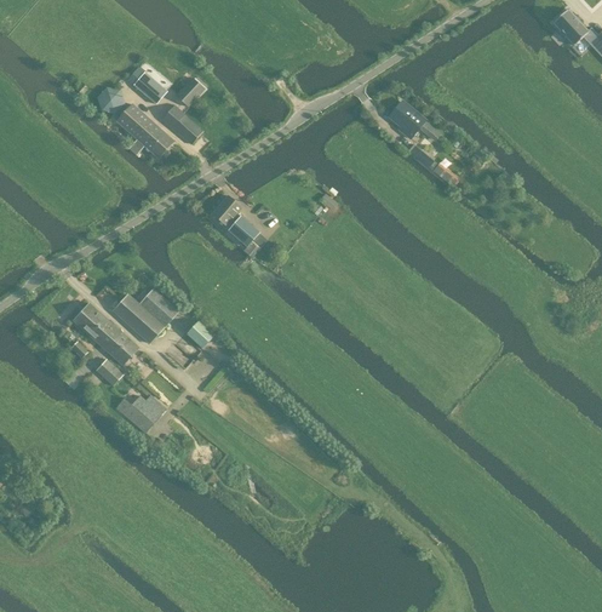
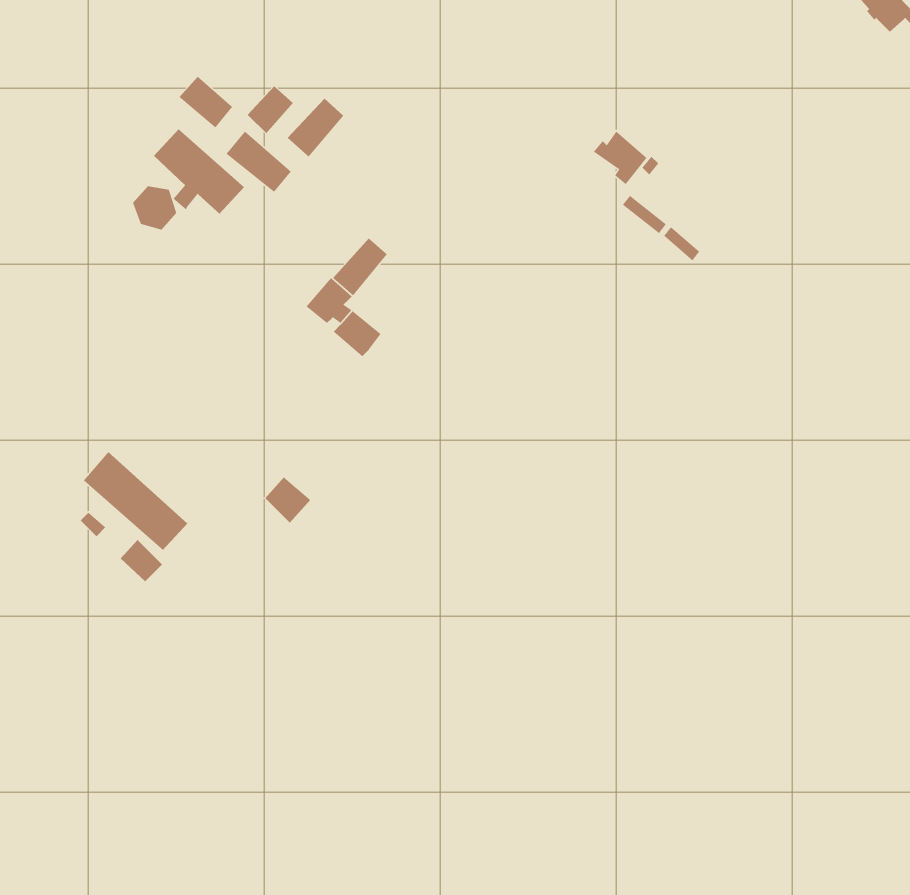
building: none -> [287,98,344,157]
building: [101,87,128,115] -> [132,185,177,230]
building: none -> [332,237,388,296]
building: [111,288,176,343] -> none
building: [114,394,165,431] -> none

